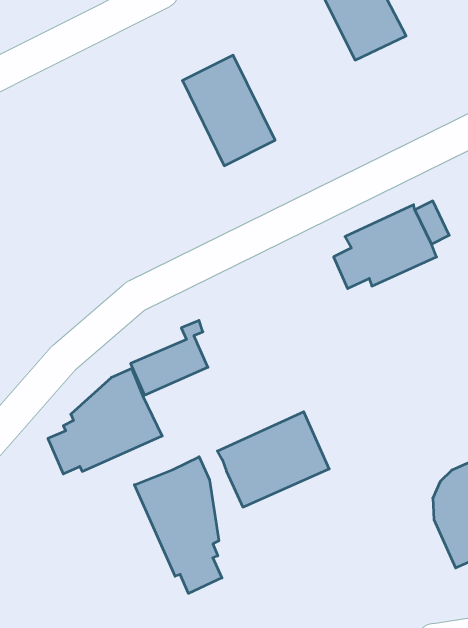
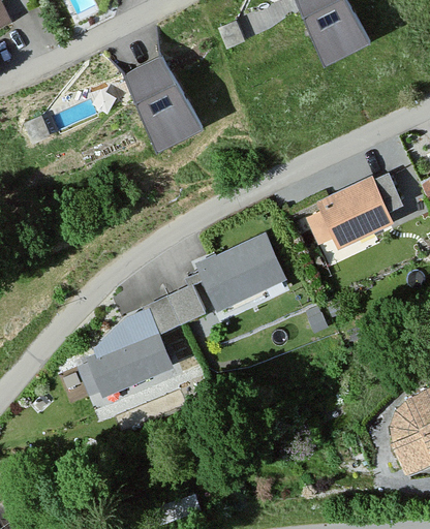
building: [182,55,275,166] -> [123,57,198,147]
building: [217,412,329,507] -> [194,234,285,311]
building: [134,457,222,593] -> none

